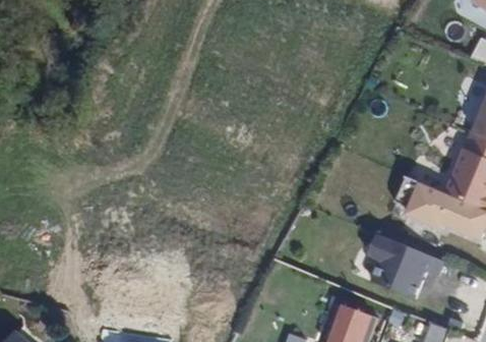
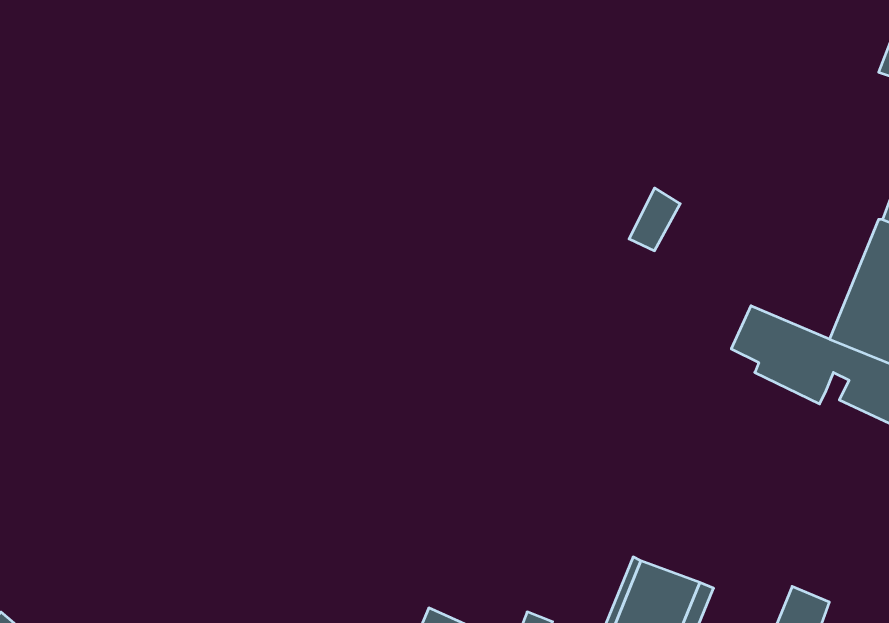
building: [373,235,445,298] -> none

